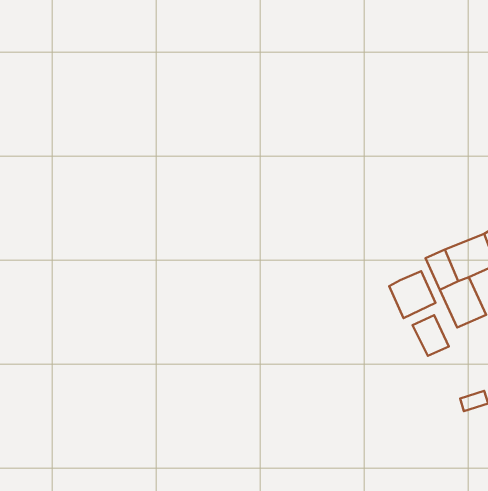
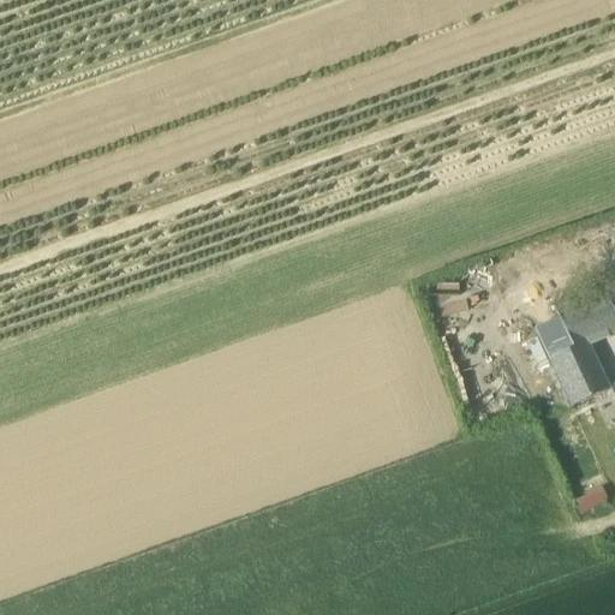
building: [389,271,435,318] -> none
building: [413,315,449,356] -> none

